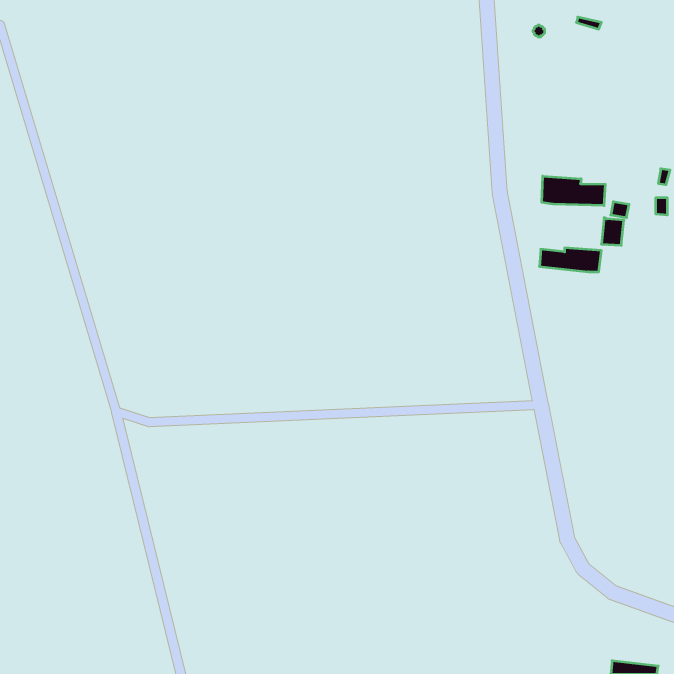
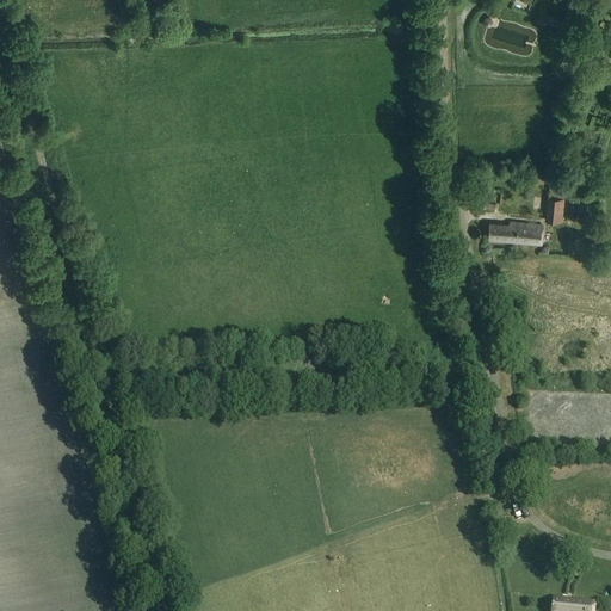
building: [542,176,605,206] -> none

